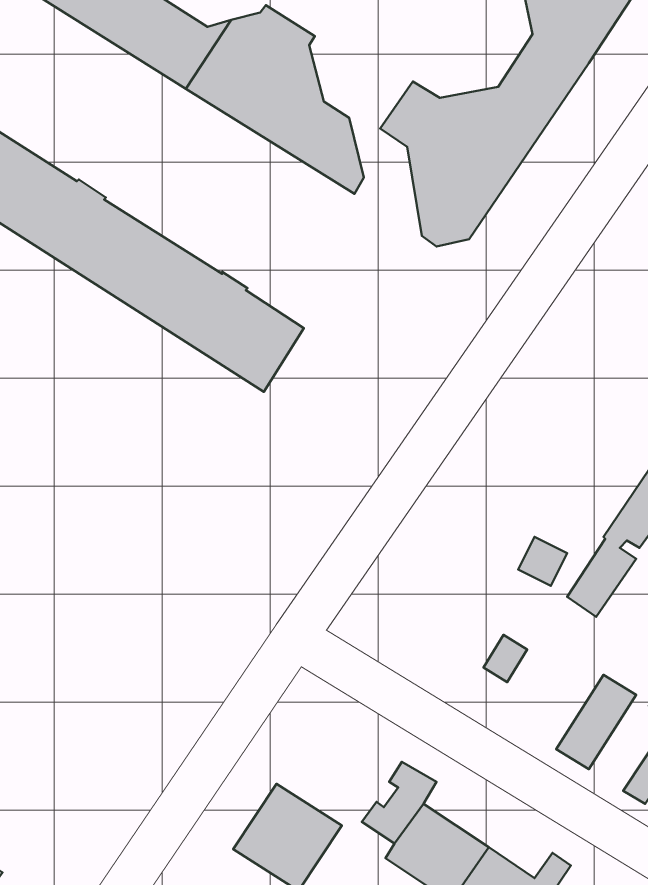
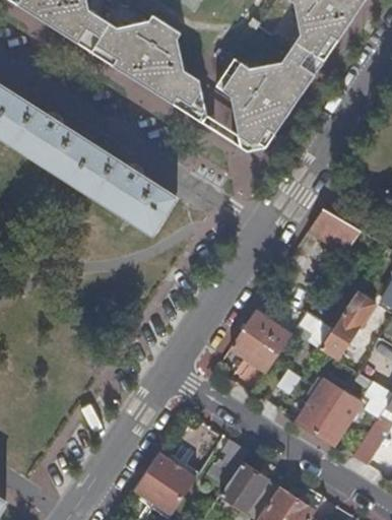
building: none -> [308,208,361,256]
building: none -> [231,311,291,372]
building: none -> [296,380,341,433]

